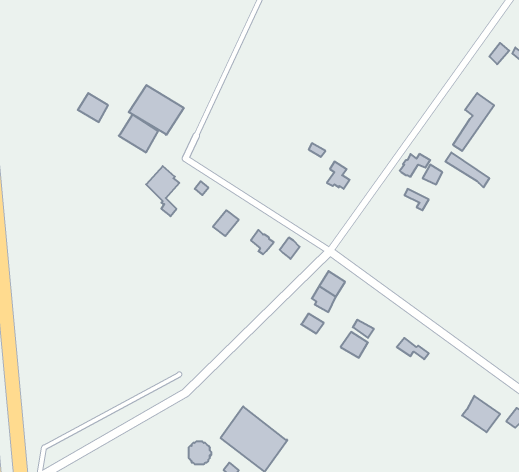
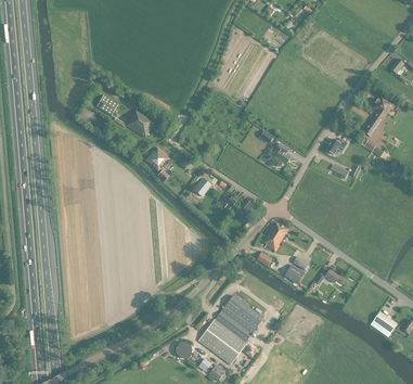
building: [129,85,184,135] -> none
building: none -> [215,295,262,342]

